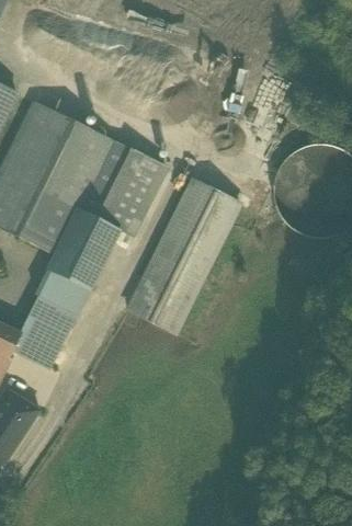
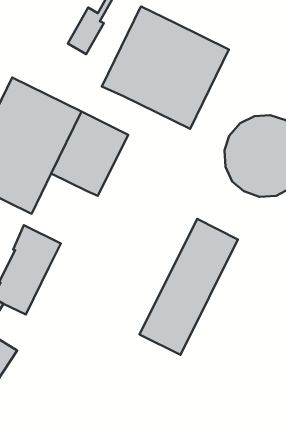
building: none -> [102,6,229,129]
building: [128,179,239,332] -> [140,219,238,355]
building: [47,209,118,288] -> none

